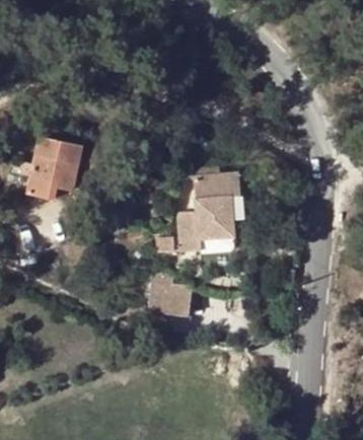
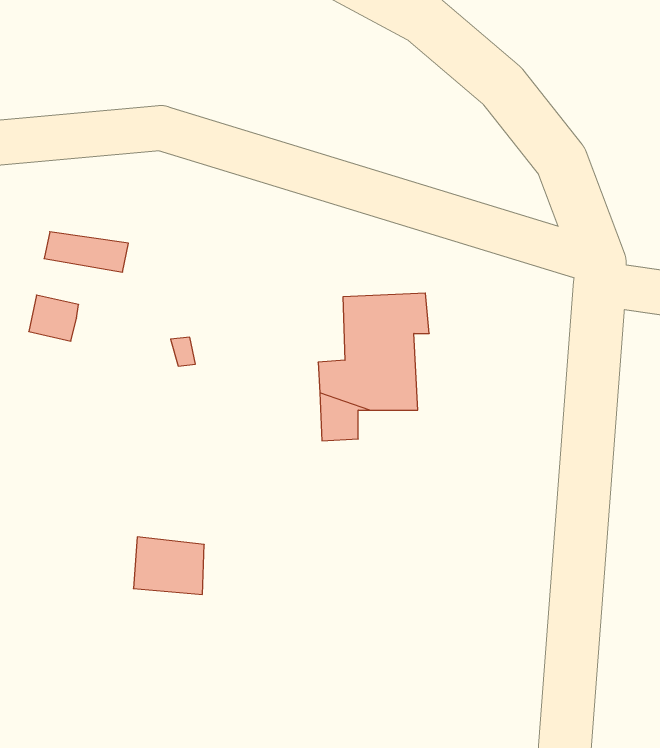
building: [31,156,77,190] -> none
building: [150,282,188,312] -> [133,537,204,594]

